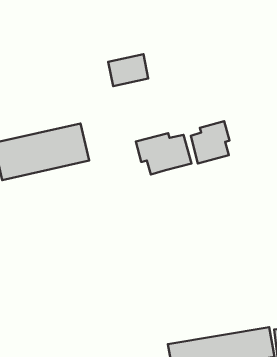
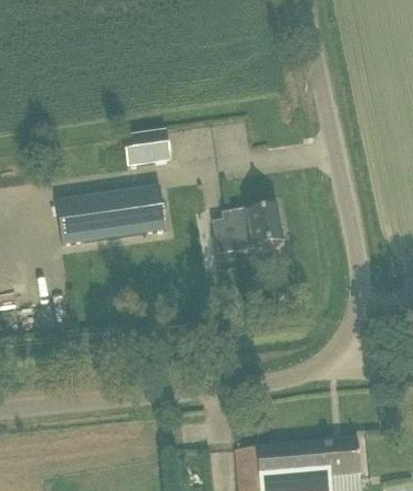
building: [108,54,148,86] -> [123,131,168,165]
building: [191,121,229,163] -> none

